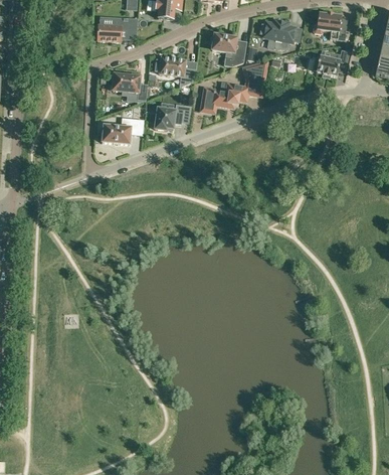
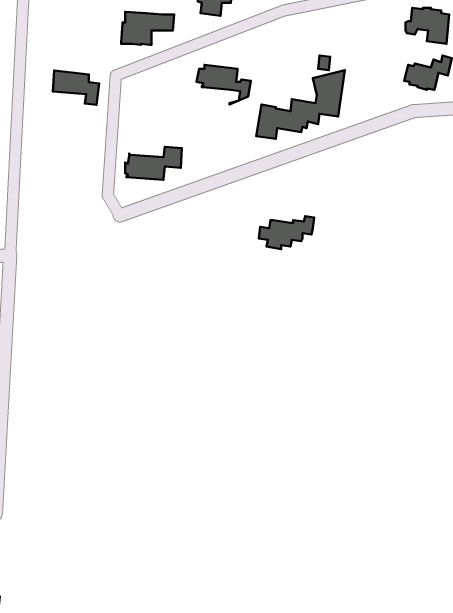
building: [260,18,301,48] -> none
building: [210,33,245,65] -> none
building: [113,73,148,100] -> [53,70,99,105]
building: [149,105,191,130] -> [259,216,314,249]

